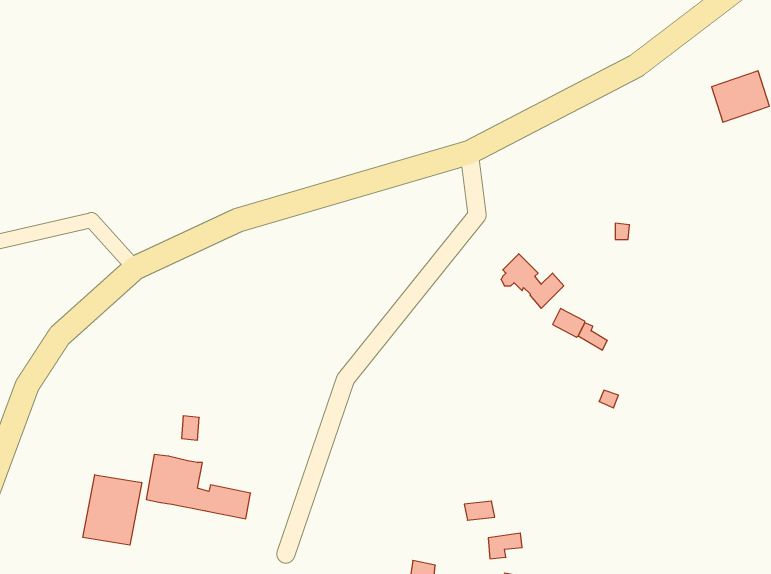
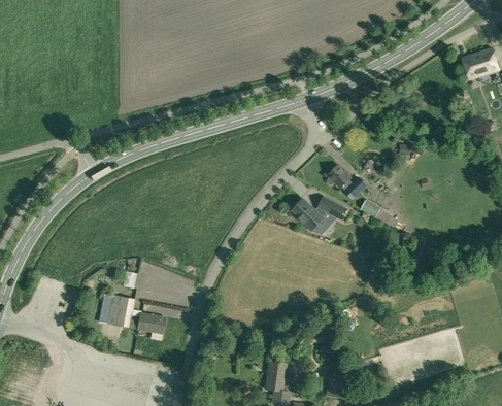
building: none -> [293,196,347,230]
building: [83,475,142,545] -> none

